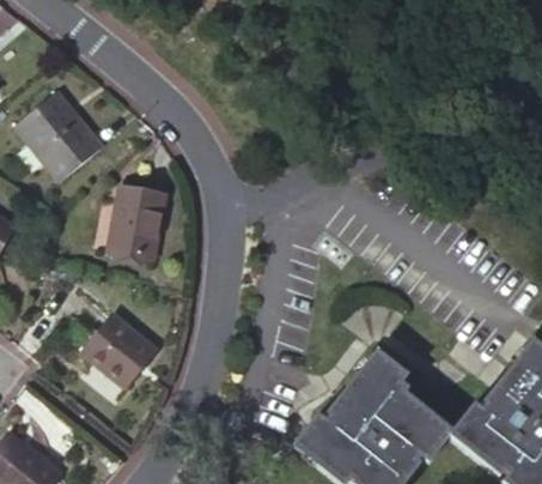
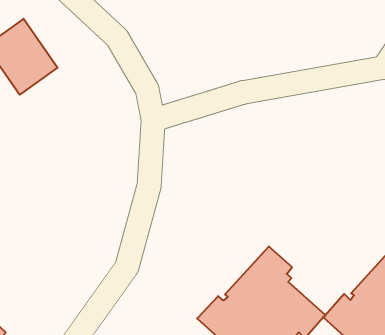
building: [110,186,165,258] -> none
building: [80,313,158,389] -> none

